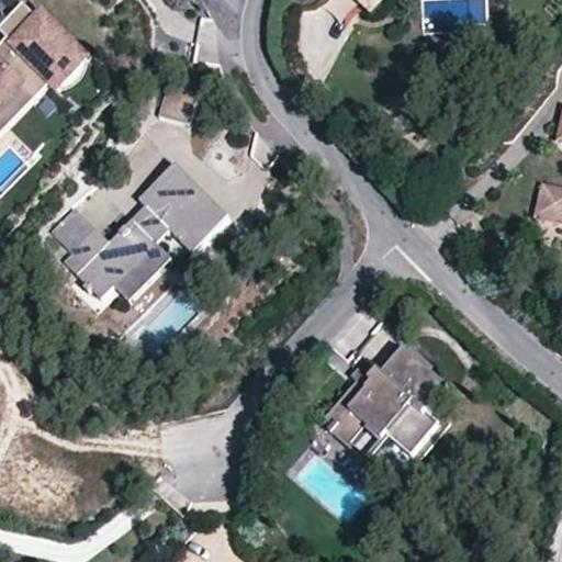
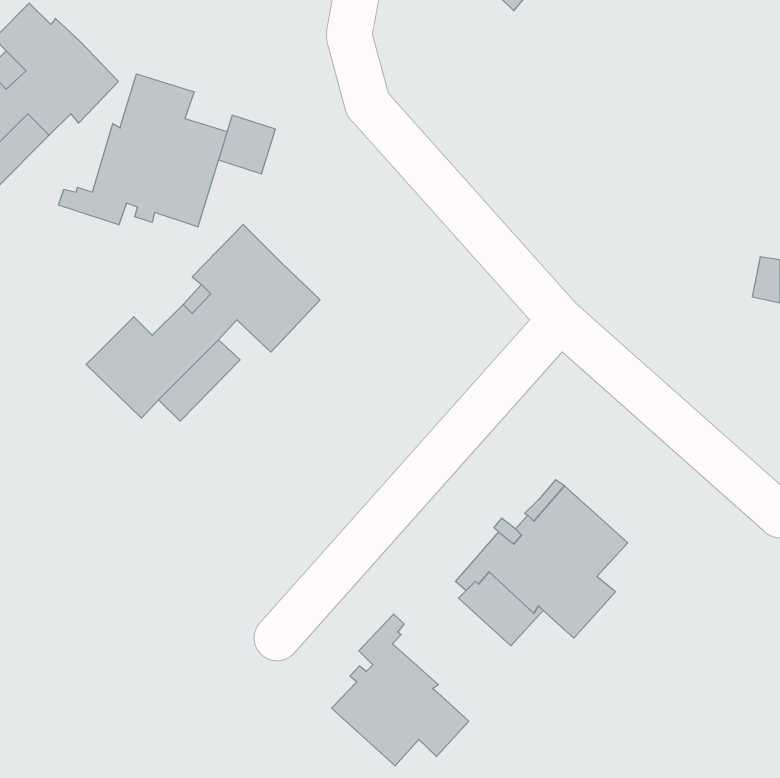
building: none -> [58,74,227,227]
building: [49,204,95,250] -> none
building: none -> [332,614,469,766]

